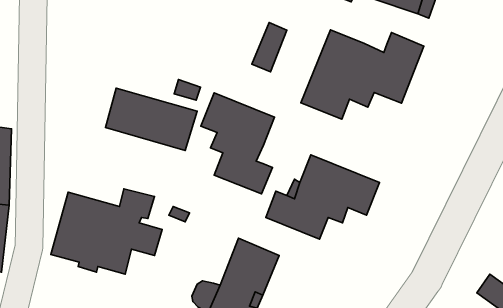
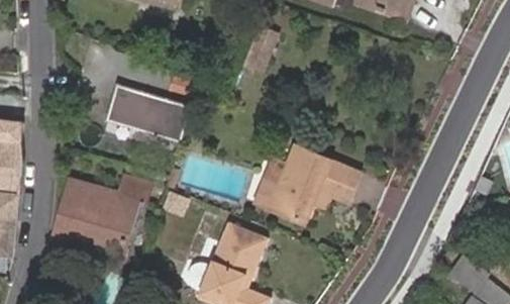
building: [301,30,424,119] -> none
building: [201,93,274,194] -> none

